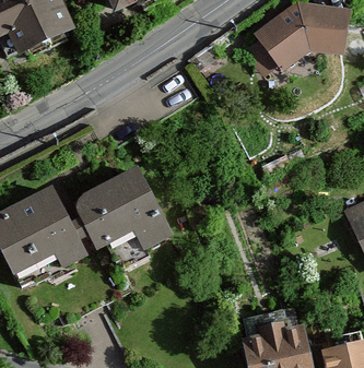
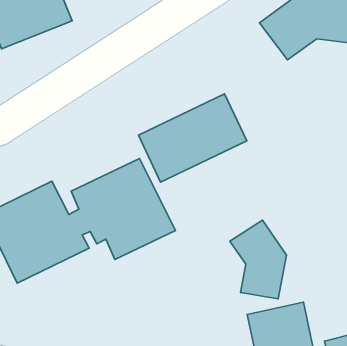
building: none -> [138,94,247,182]
building: none -> [230,220,287,299]

